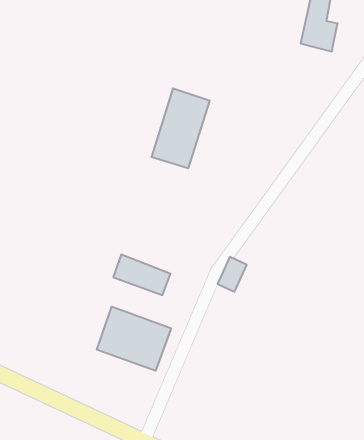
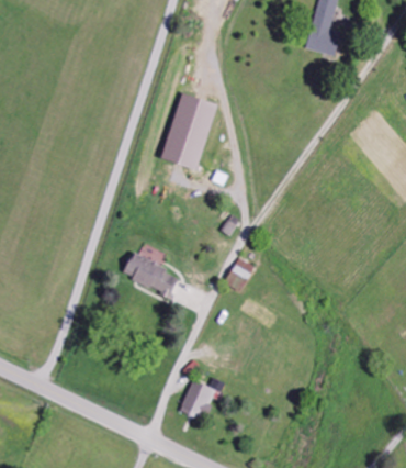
building: [97,307,171,371] -> none
building: none -> [180,379,215,420]

